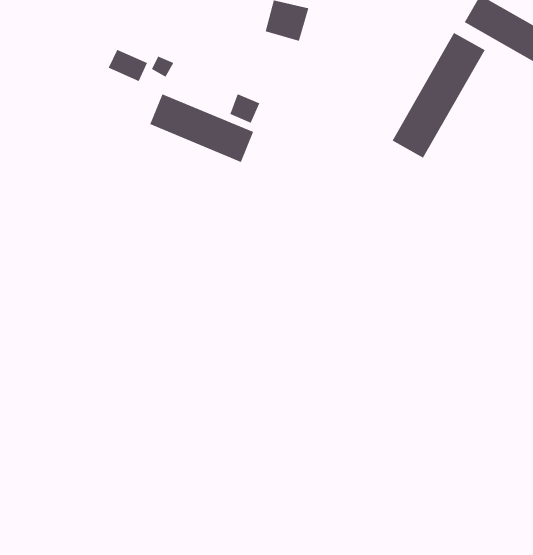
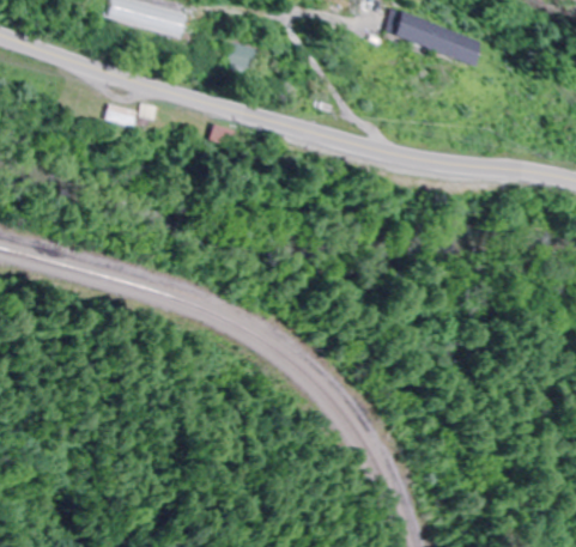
building: [392,32,486,159] -> none
building: [150,94,254,163] -> none

